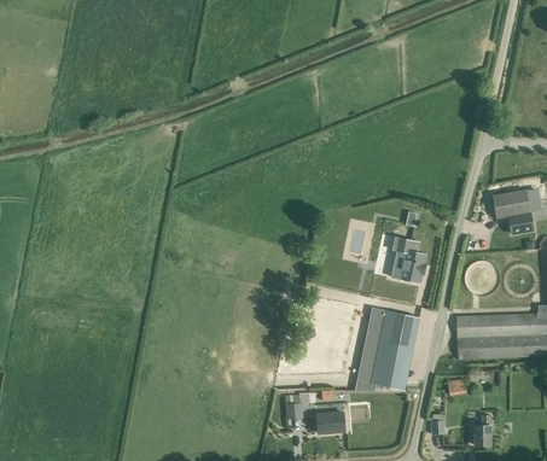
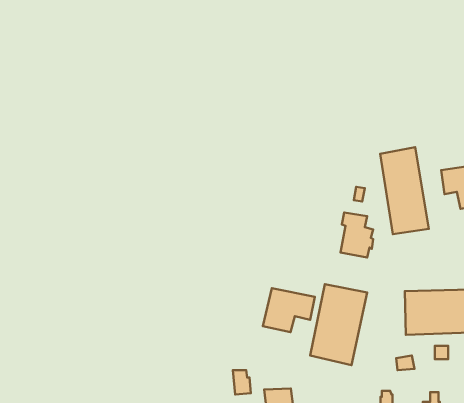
building: none -> [380,147,429,234]
building: none -> [263,288,315,332]

